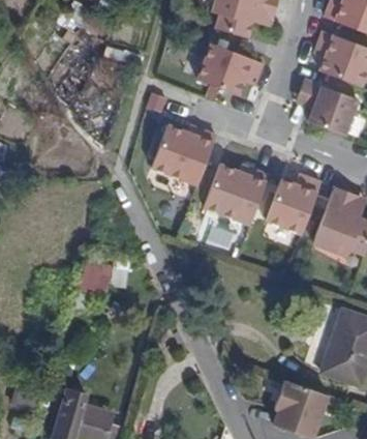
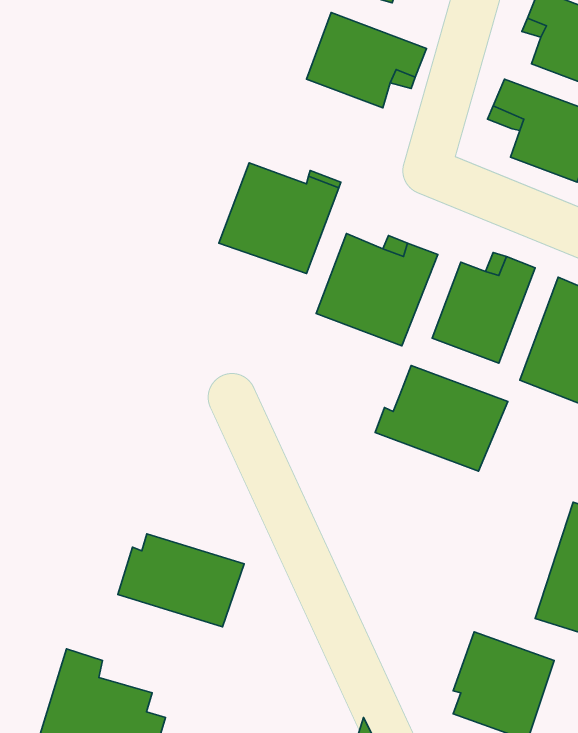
building: none -> [375,366,508,471]
building: [81,259,115,295] -> none
building: none -> [118,534,244,627]

